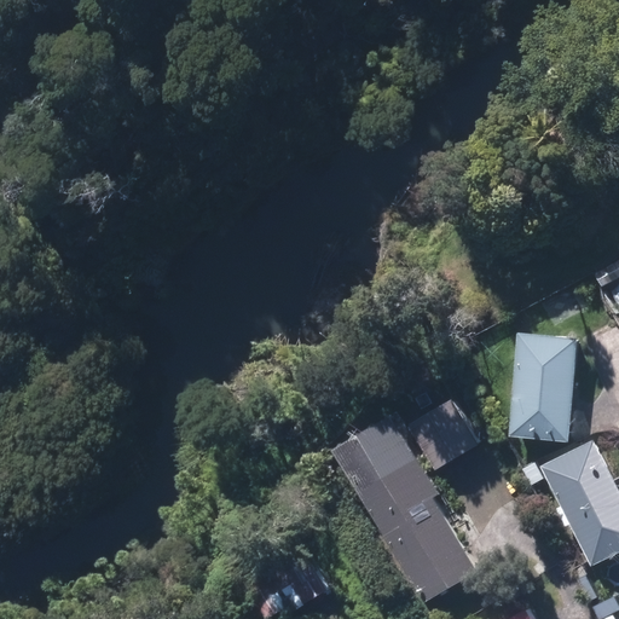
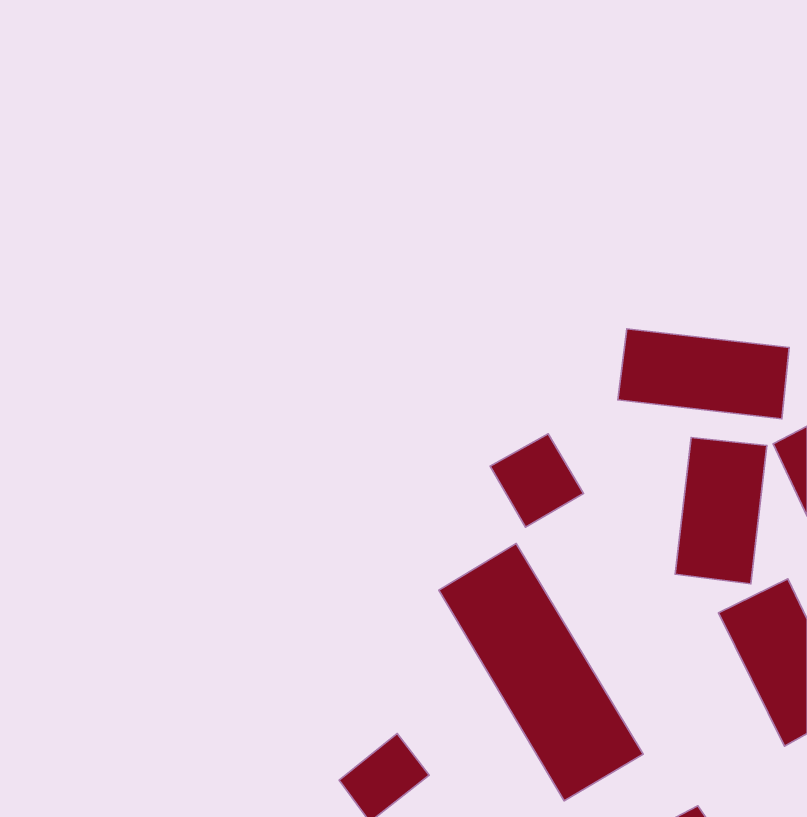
building: none -> [618,329,789,419]
building: [406,400,476,470] -> [490,434,583,527]

